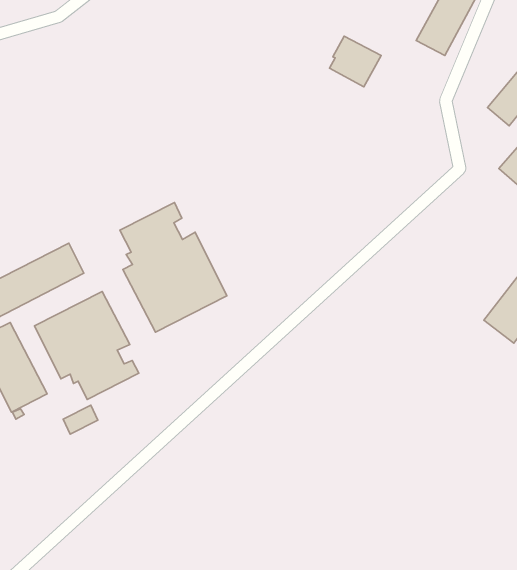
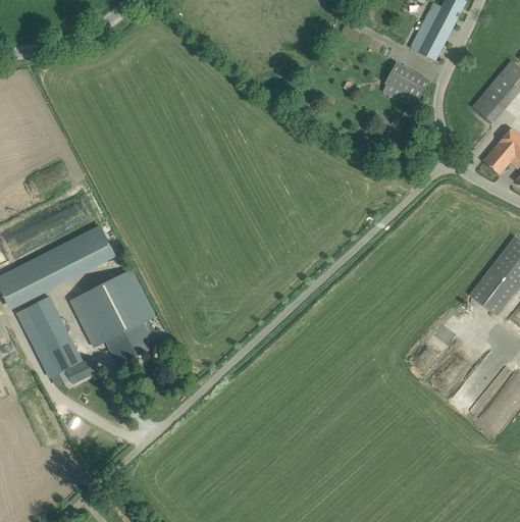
building: [329,36,381,87] -> [382,62,428,107]
building: [120,203,227,332] -> none
building: [63,405,98,434] -> [66,358,97,383]

